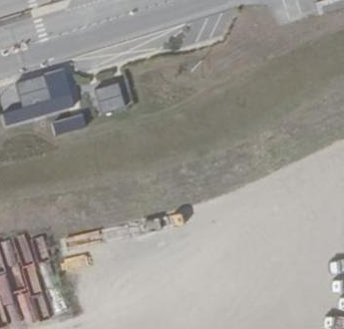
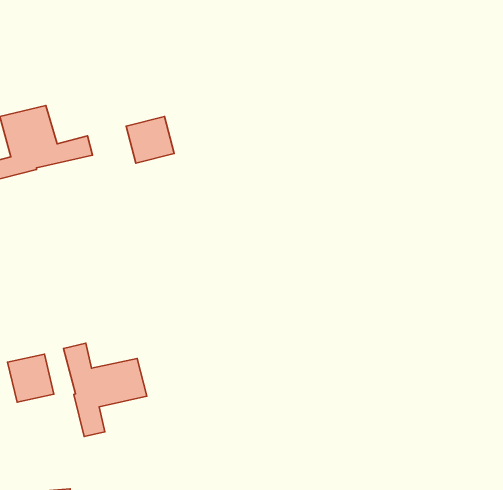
building: none -> [63,343,147,436]

